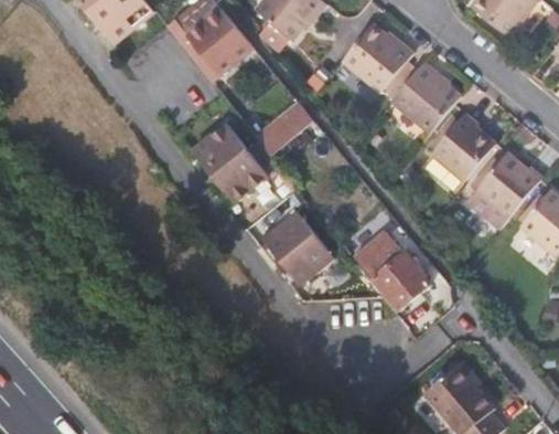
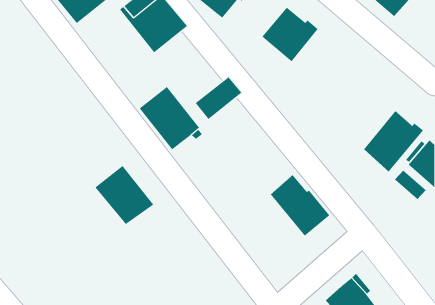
building: [390,61,462,134] -> none
building: [437,113,498,177] -> none
building: [259,211,333,285] -> [94,165,154,225]

